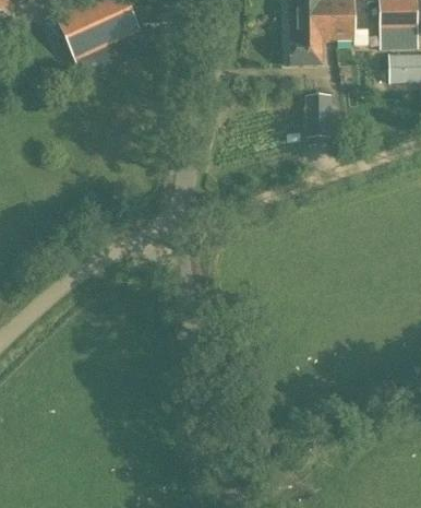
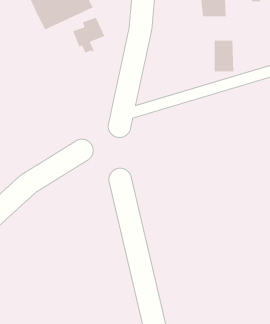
building: none -> [73,17,105,54]

